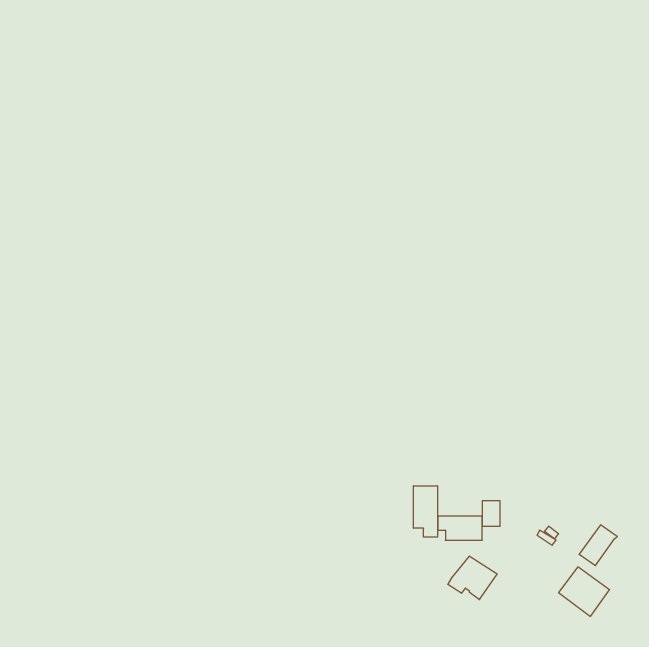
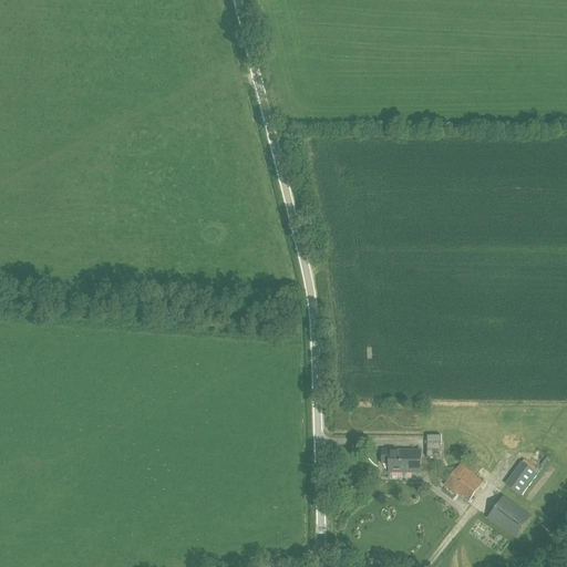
building: [413,486,437,537] -> none
building: [448,556,497,600] -> [440,464,483,502]

